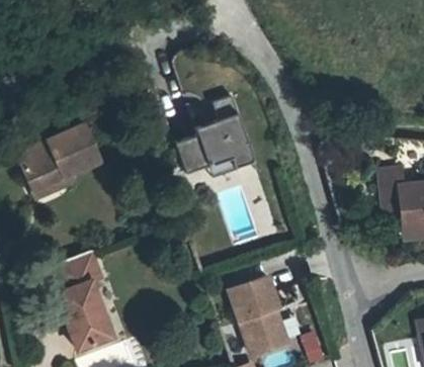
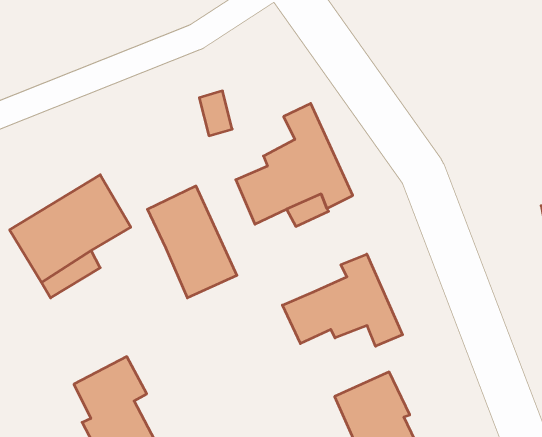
building: none -> [147,186,237,298]
building: none -> [282,254,403,346]

